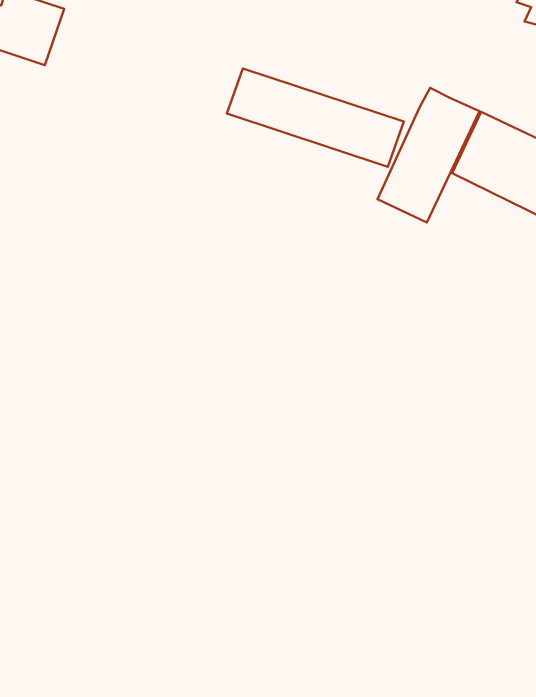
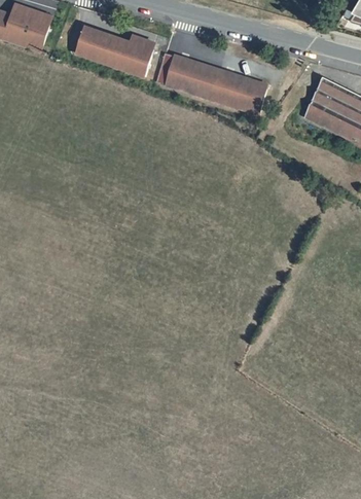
building: none -> [76,22,153,74]
building: [378,88,479,222] -> none

